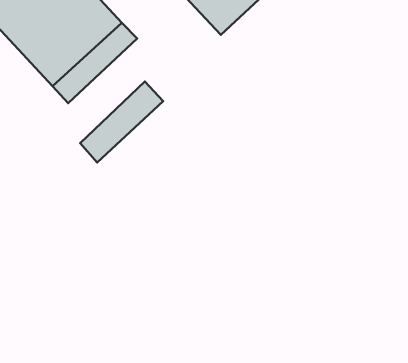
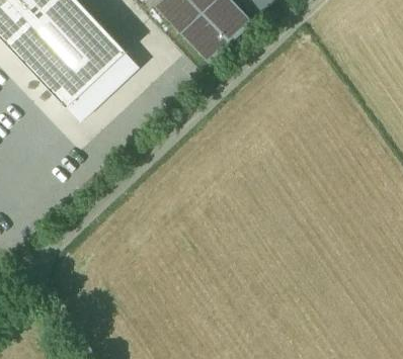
building: [80,81,163,163] -> none

